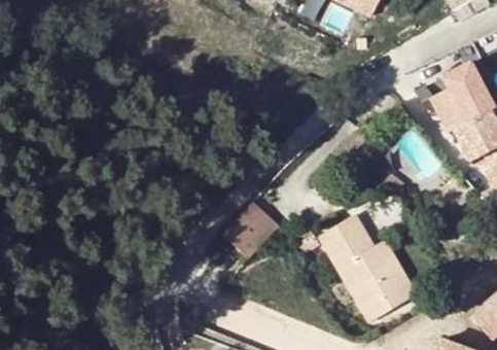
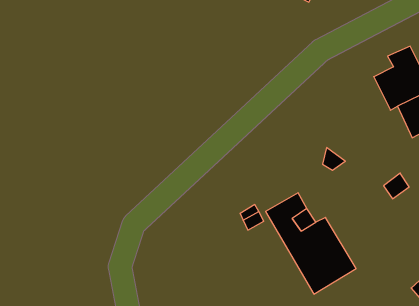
building: [224,205,279,260] -> none

